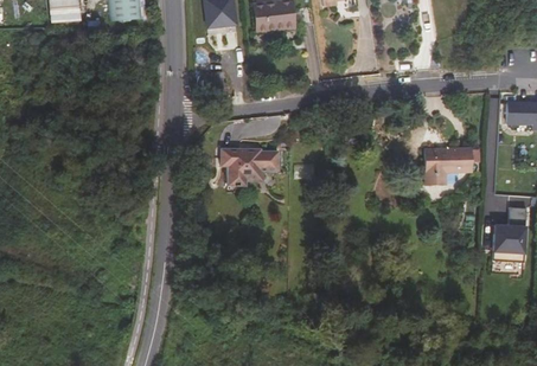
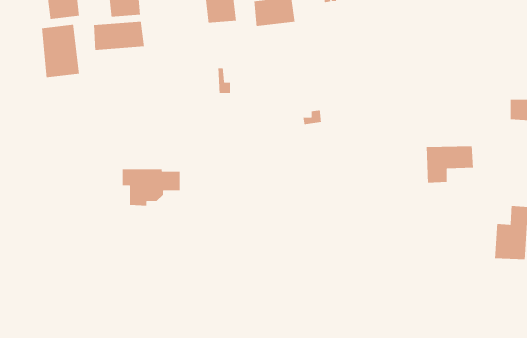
building: none -> [93,21,145,51]
building: none -> [41,24,80,78]
building: [219,149,277,187] -> [122,168,181,207]

